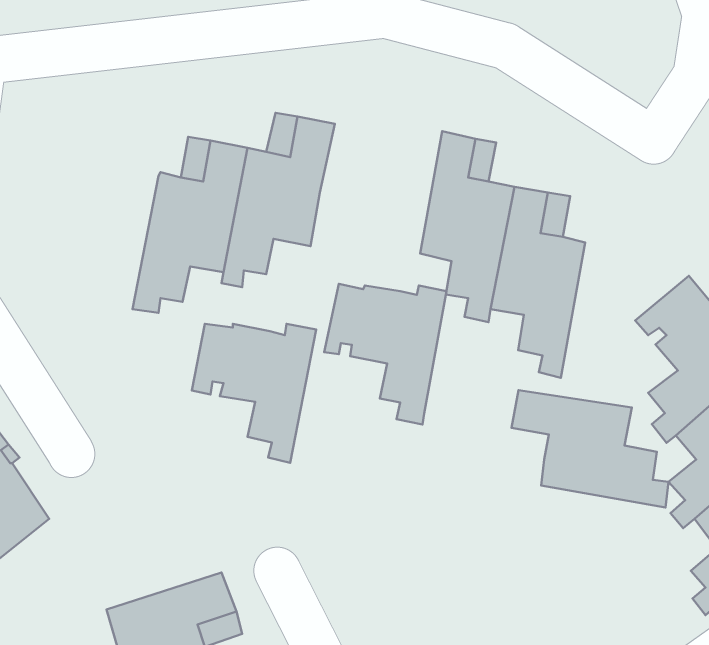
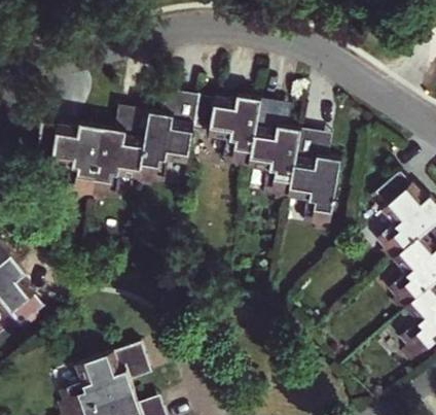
building: [324,284,447,425] -> [195,93,263,171]
building: [192,324,316,463] -> [37,118,106,196]
building: [511,390,668,508] -> none

